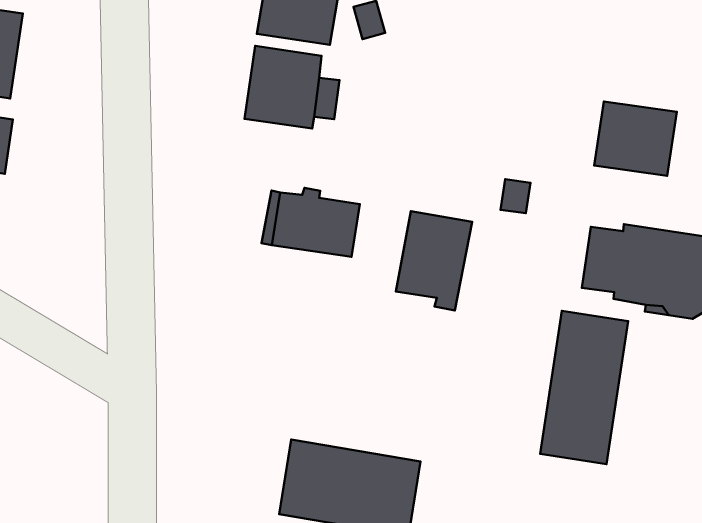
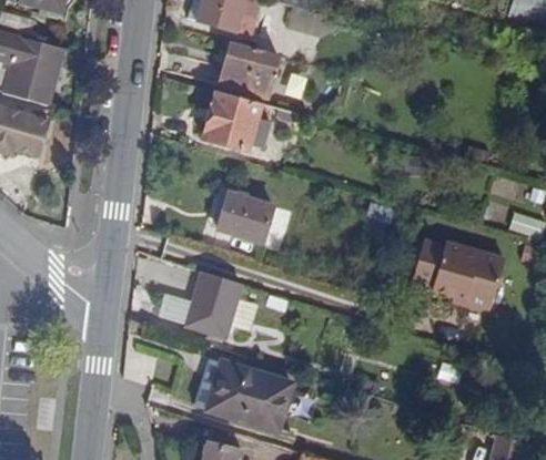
building: [594,102,677,176] -> none
building: [396,211,472,311] -> [185,273,242,343]
building: [540,311,628,464] -> none

